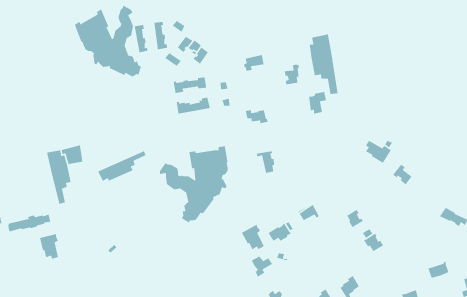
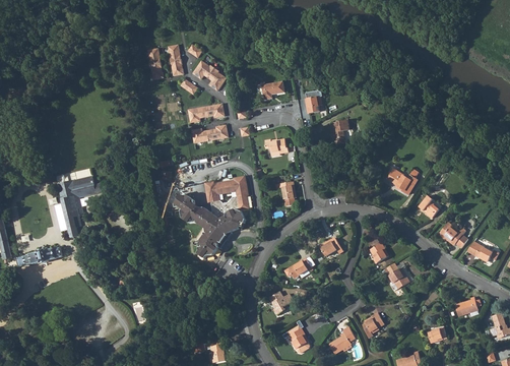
building: [74,4,142,77] -> none
building: [309,34,338,95] -> none
building: [97,150,147,182] -> none
building: none -> [438,221,467,247]
building: [241,223,265,250] -> none
building: [39,233,59,260] -> none

